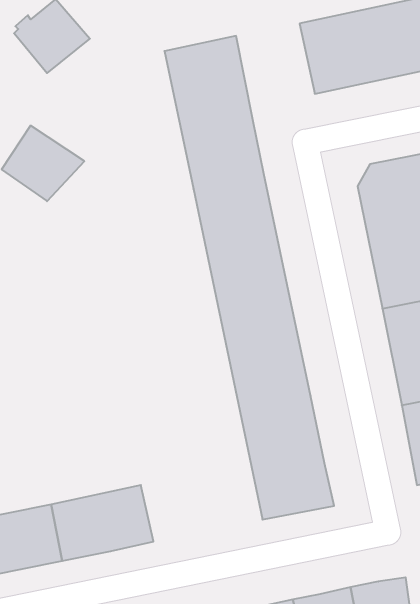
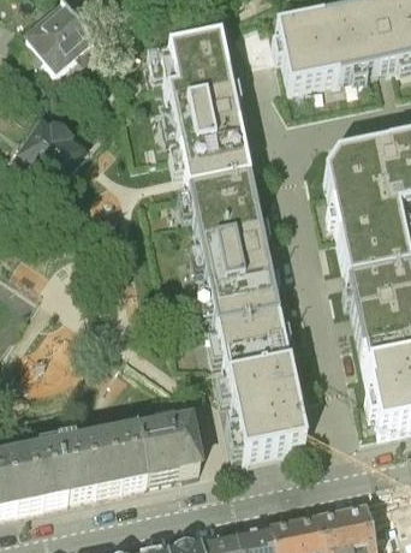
building: none -> [138,418,201,476]

